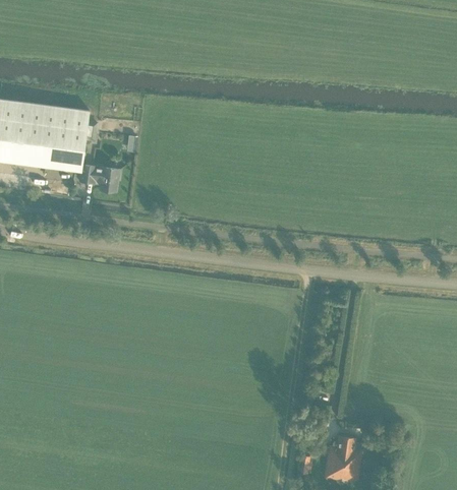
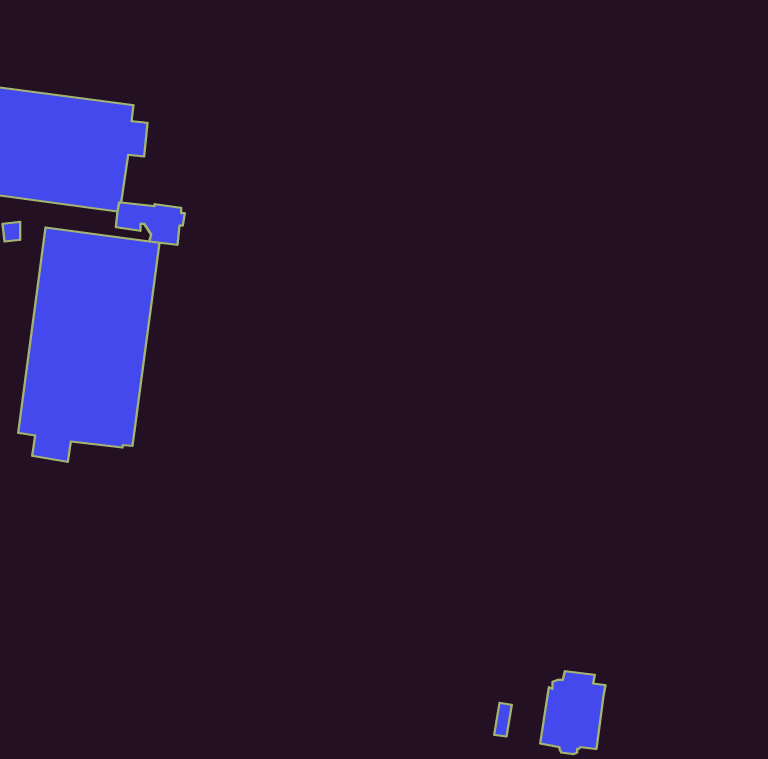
building: none -> [18,228,159,462]

